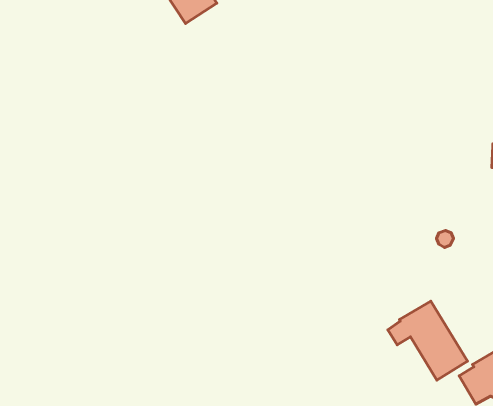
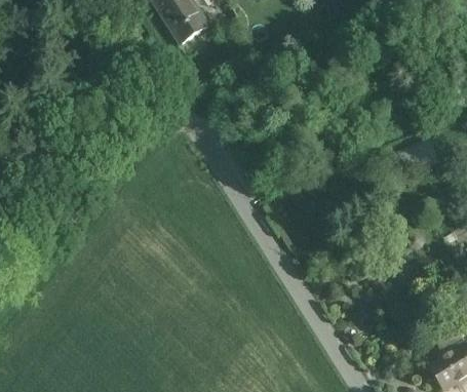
building: [388,301,467,380] -> none

